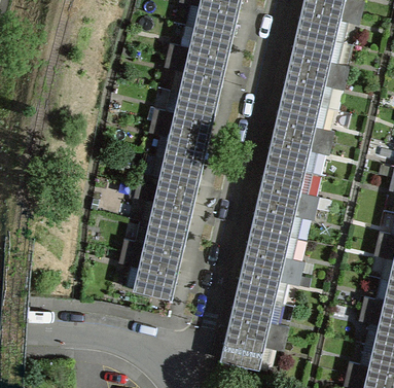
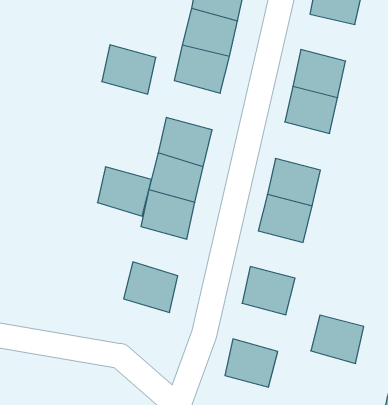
building: [290,35,338,77] -> none
building: [170,95,218,139] -> [102,45,156,94]
building: [267,132,316,175] -> none
building: [140,225,188,270] -> [97,167,151,216]
building: [245,230,292,272] -> none
building: [229,294,277,338] -> [311,315,364,363]

